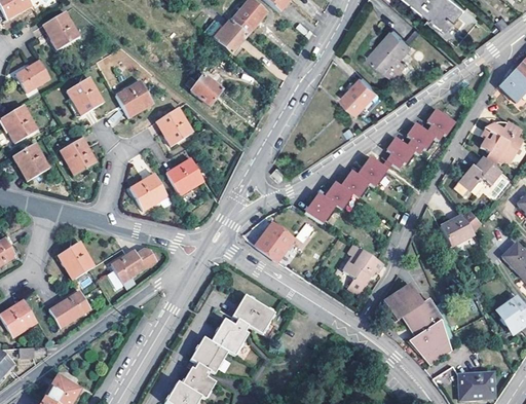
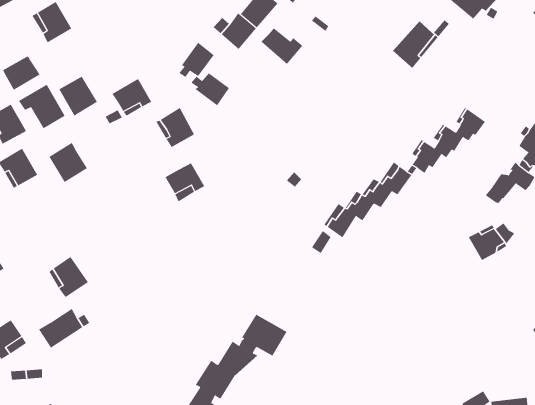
building: none -> [260,28,303,65]
building: none -> [179,42,214,78]
building: [346,76,379,111] -> none
building: none -> [18,84,66,129]
building: [127,173,167,209] -> none
building: [257,223,294,261] -> none
building: [343,241,382,293] -> none
building: [109,250,153,290] -> none
building: [383,283,452,363] -> none

